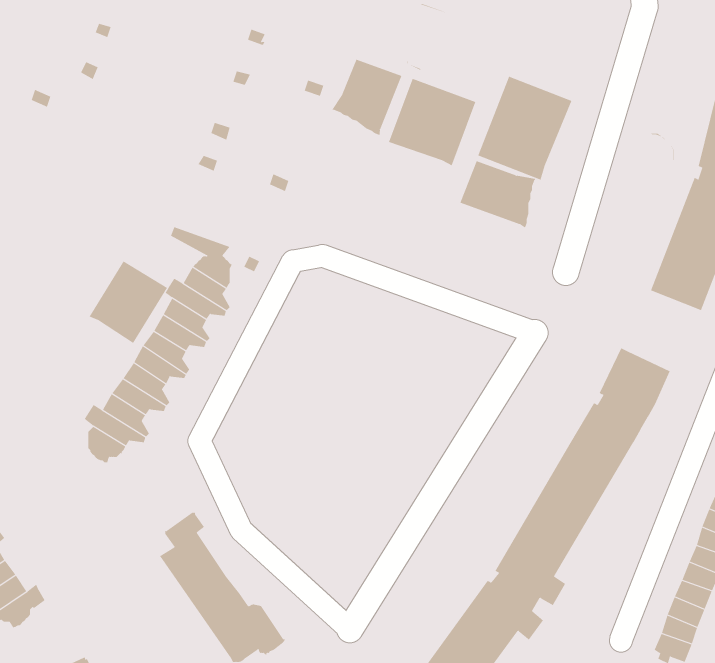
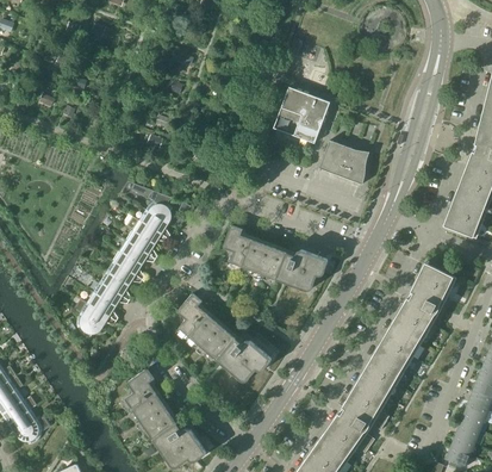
building: [331,59,402,136] -> none
building: [478,76,572,181] -> none
building: [89,260,168,344] -> none
building: none -> [223,224,328,290]
building: none -> [178,293,272,380]

